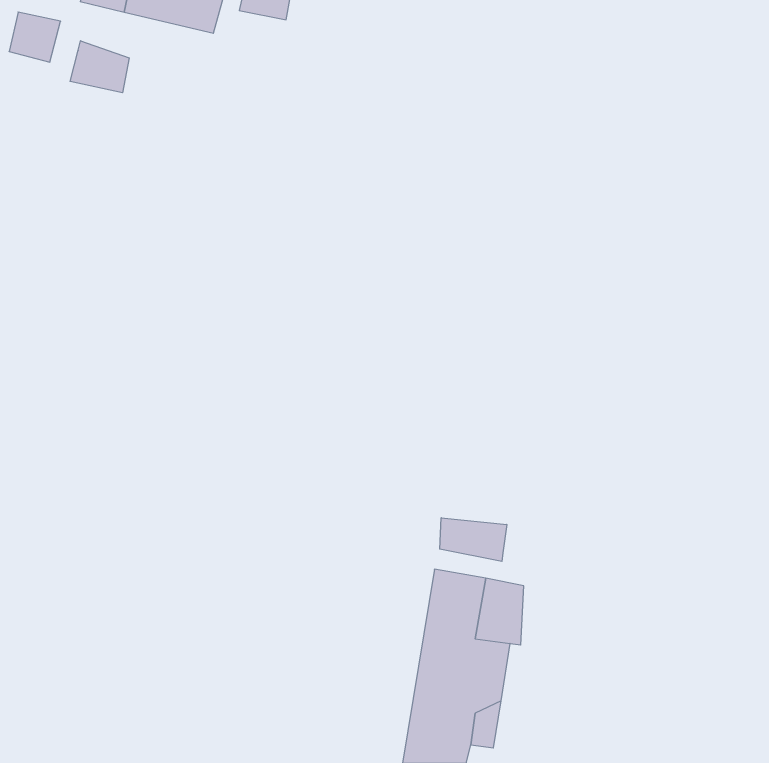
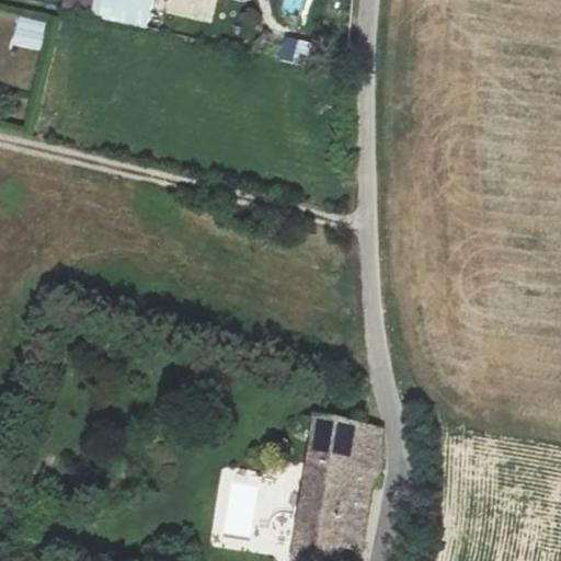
building: [70,41,129,93] -> none
building: [440,518,507,561] -> none

